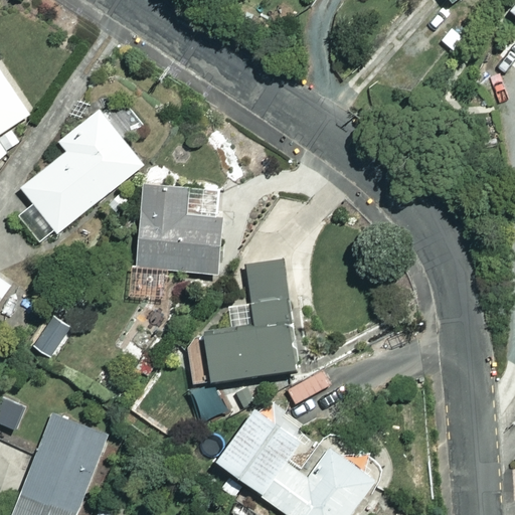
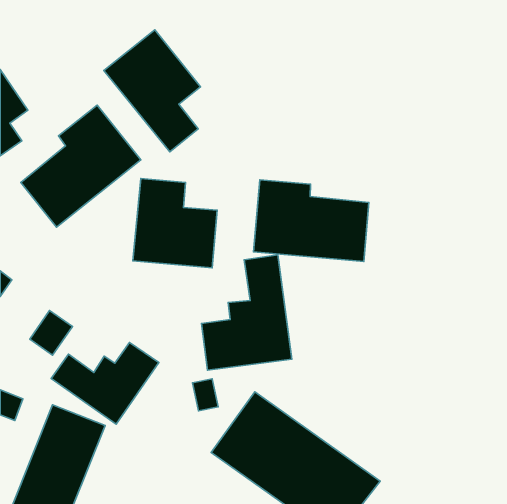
building: none -> [104,30,200,152]
building: none -> [254,180,369,261]
building: none -> [51,342,159,424]

